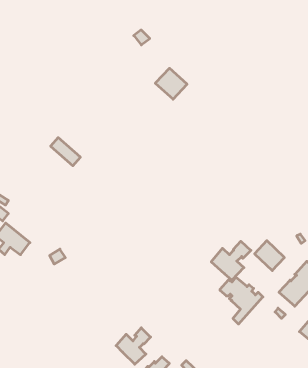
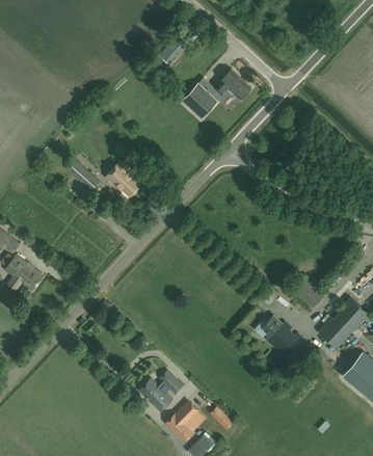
building: none -> [214,70,251,101]
building: none -> [105,163,141,198]
building: [211,241,251,280] -> none

